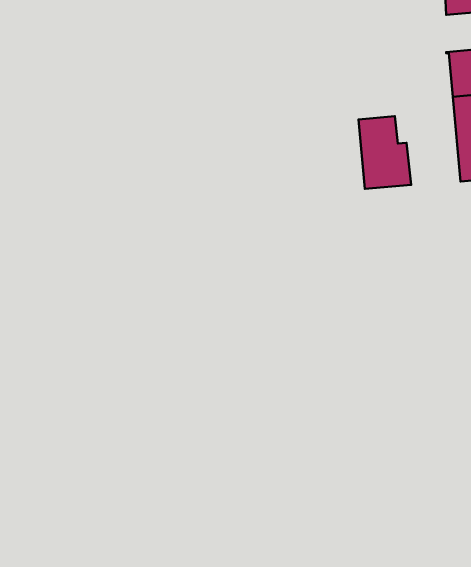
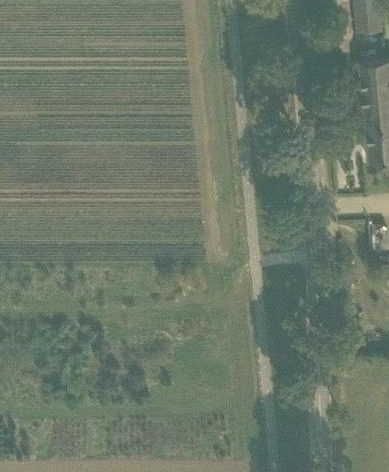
building: [359,116,411,189] -> none

